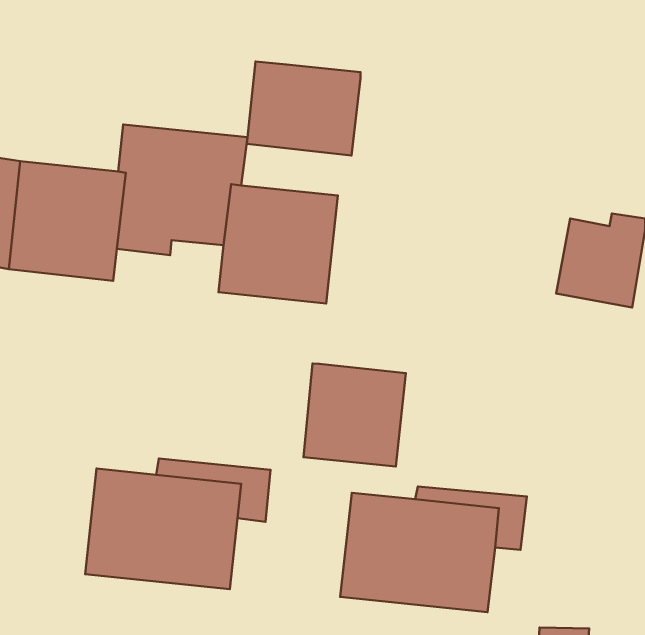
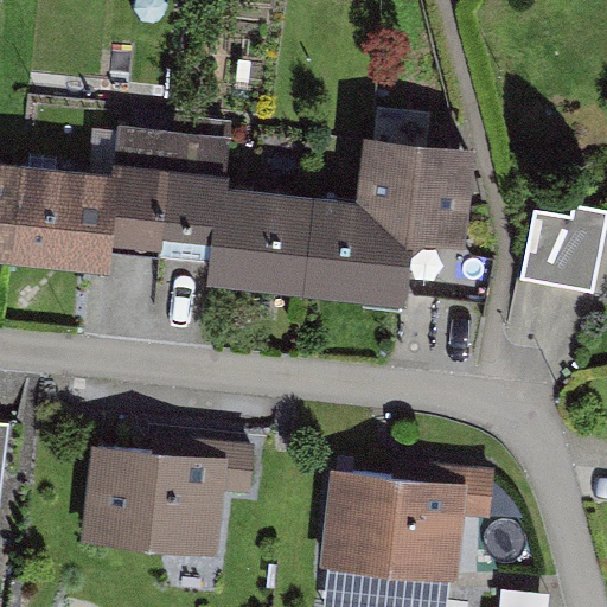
building: [247,62,361,155] -> none
building: none -> [305,133,475,307]
building: [303,363,406,467] -> none

